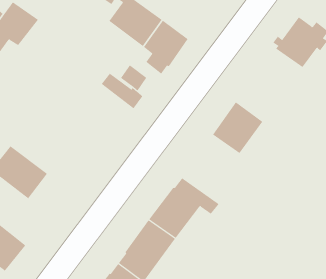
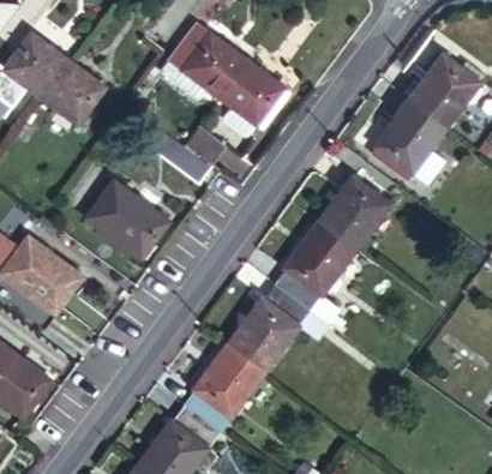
building: none -> [41,59,107,125]
building: none -> [371,100,446,185]
building: none -> [88,180,169,258]
building: none -> [274,222,356,322]

